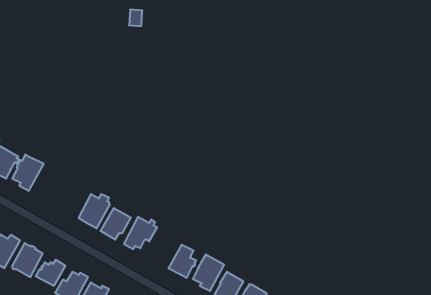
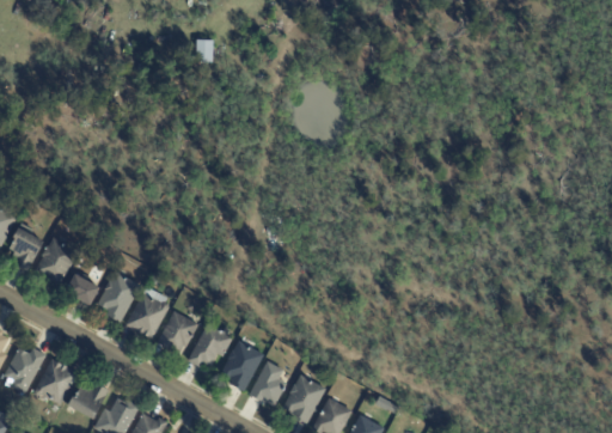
building: none -> [97,272,140,322]
building: none -> [65,273,99,305]
building: none -> [221,341,263,390]

